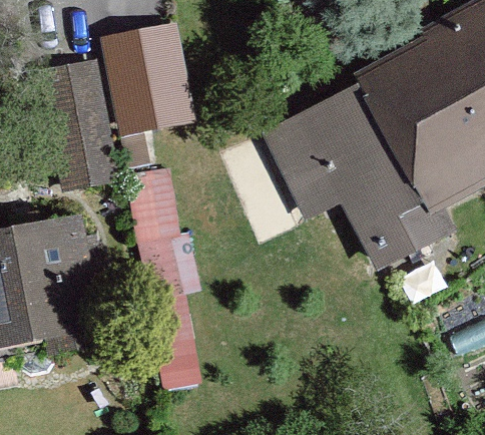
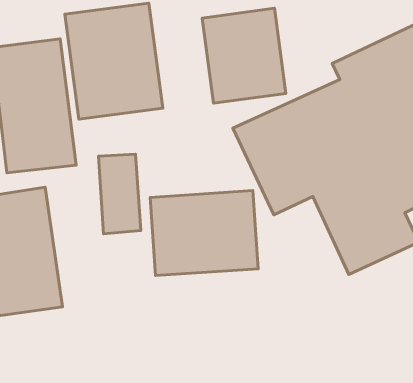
building: none -> [202,8,286,103]
building: none -> [150,191,258,275]

